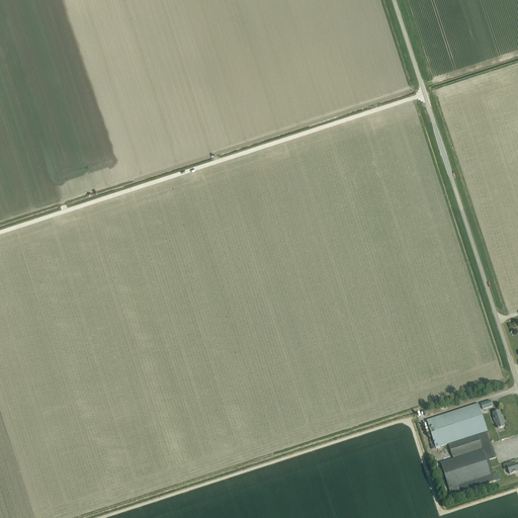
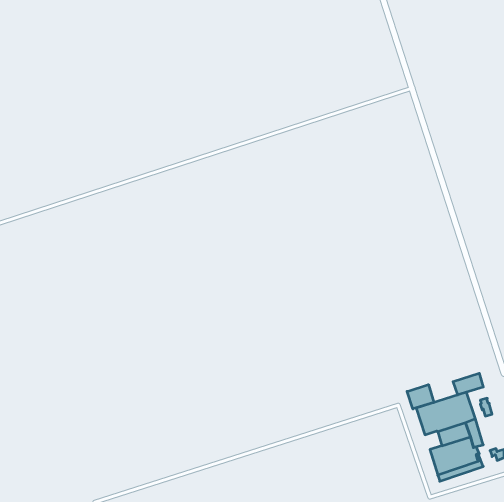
building: none -> [453,373,483,395]
building: none -> [407,385,434,409]

